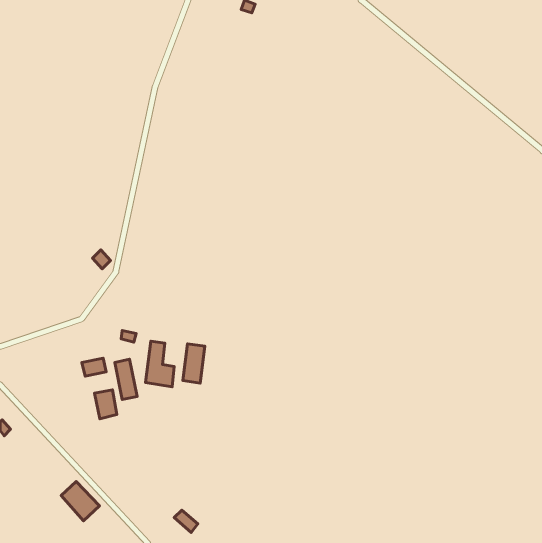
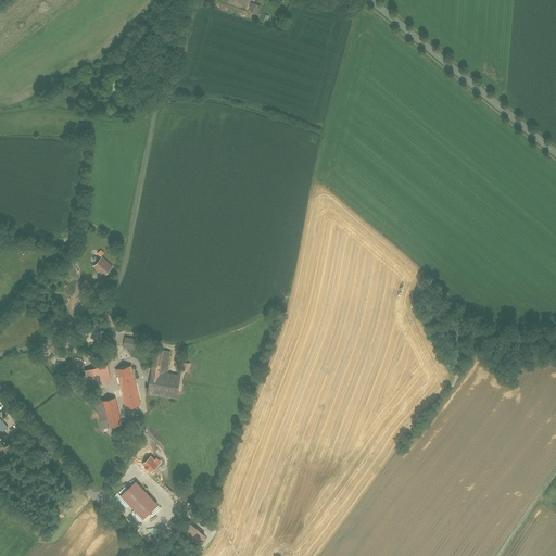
building: [183,344,205,383] -> none
building: [61,482,99,521] -> [118,480,157,520]

